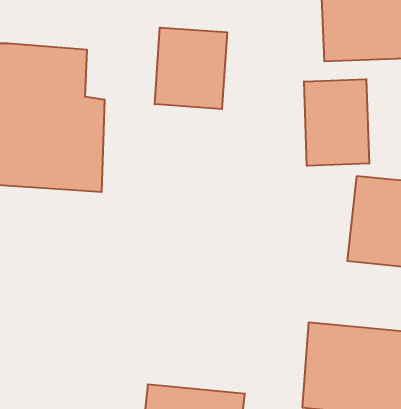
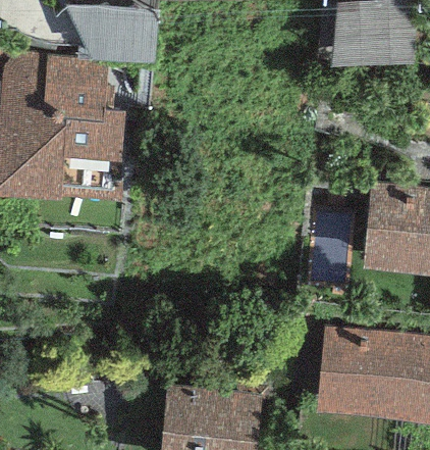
building: [155,27,227,109] -> none
building: [304,79,369,166] -> none

